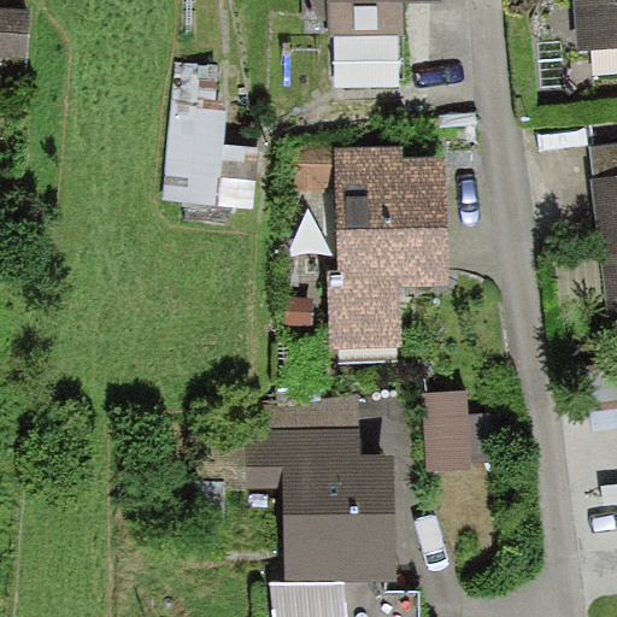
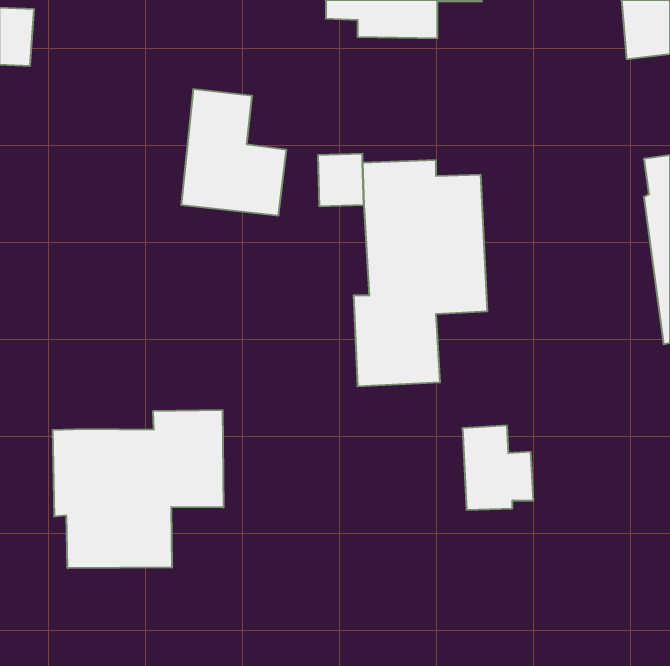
building: none -> [53,410,223,568]
building: [247,407,398,586] -> none

